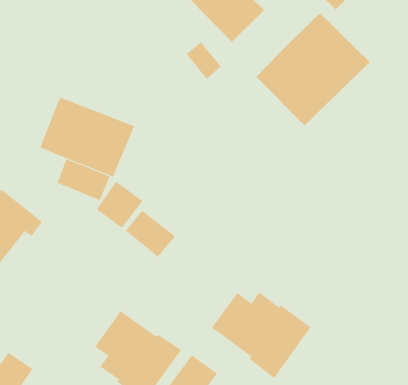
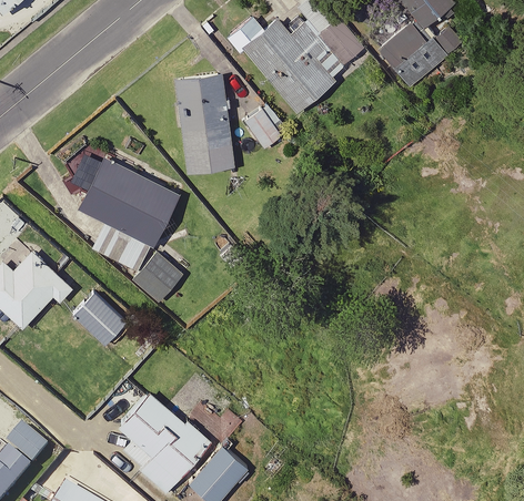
building: none -> [174,71,233,172]
building: [256,13,370,126] -> none
building: [125,210,176,257] -> [73,292,128,345]
building: [211,292,311,379] -> none

